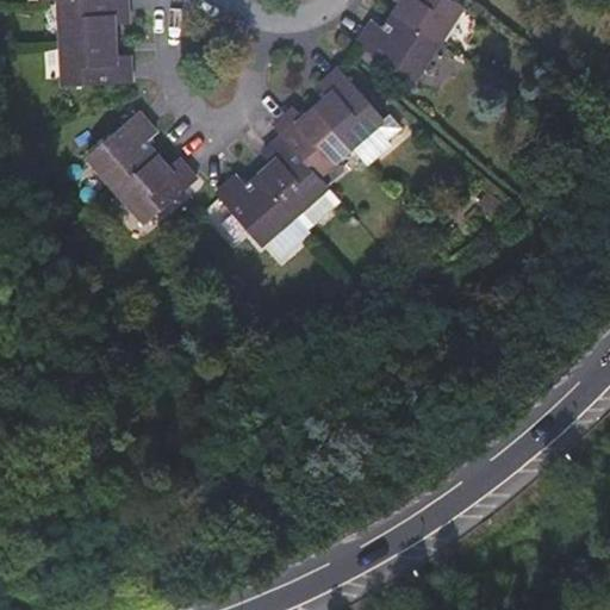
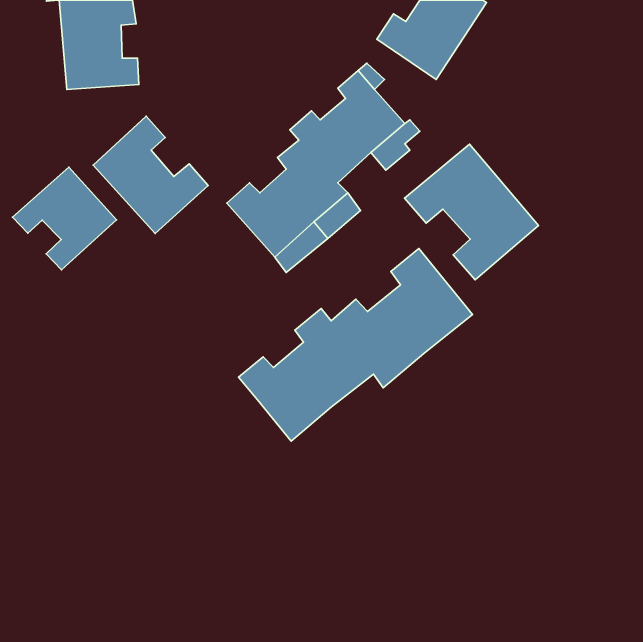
building: none -> [404,144,539,280]
building: none -> [13,167,116,270]
building: none -> [239,249,473,441]

